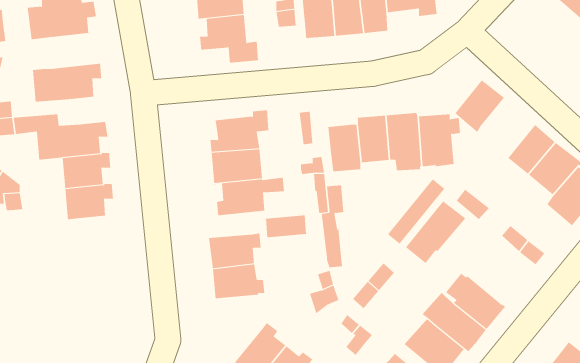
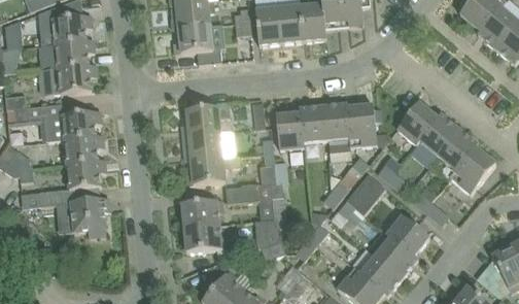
building: none -> [55,39,95,68]
building: [454,80,505,133] -> [396,102,437,144]
building: none -> [21,188,109,236]
building: none -> [386,214,428,256]

